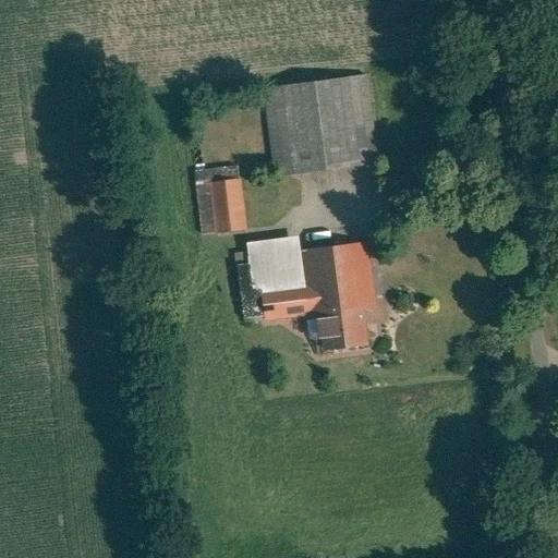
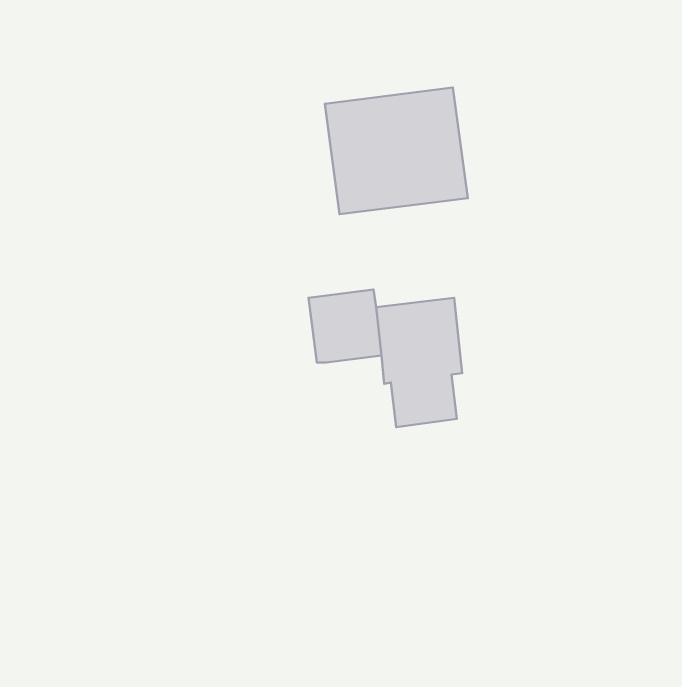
building: [197,177,245,233] -> none
building: [264,289,311,316] -> none

